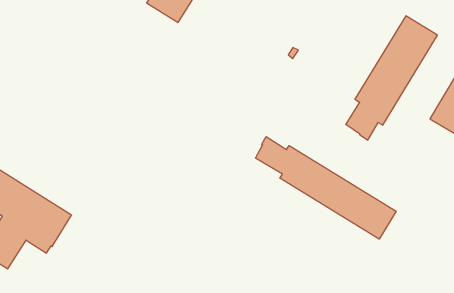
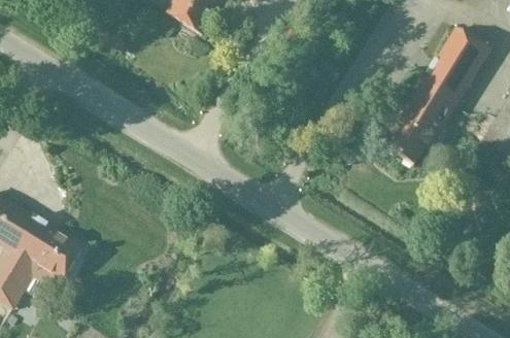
building: [256,137,396,239] -> none

